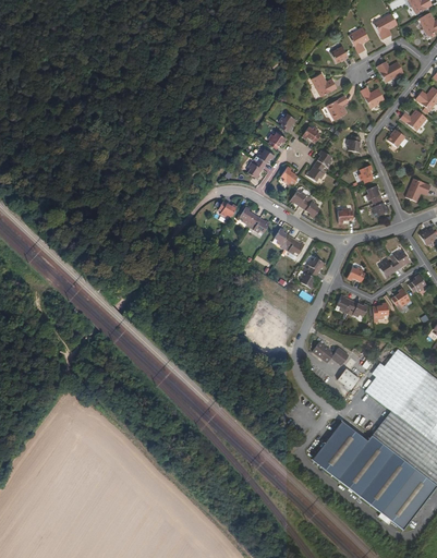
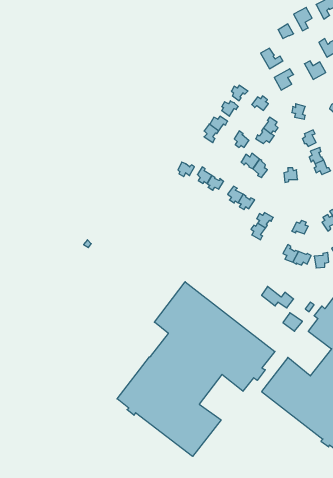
building: none -> [117,282,275,456]

